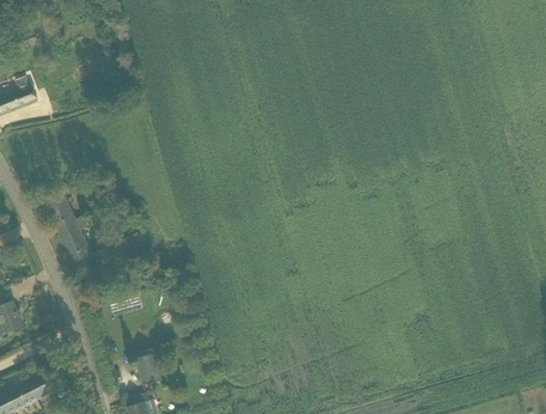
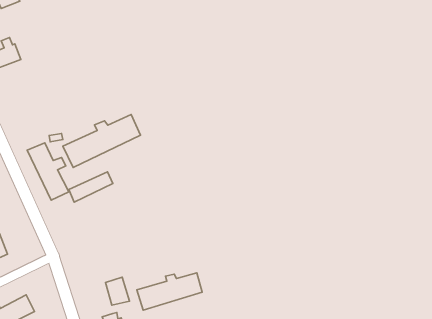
building: none -> [63,115,141,167]
building: none -> [137,273,202,310]

